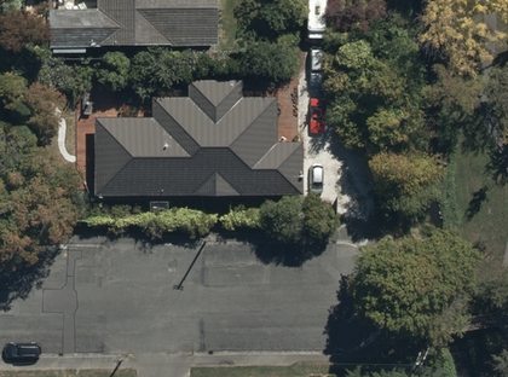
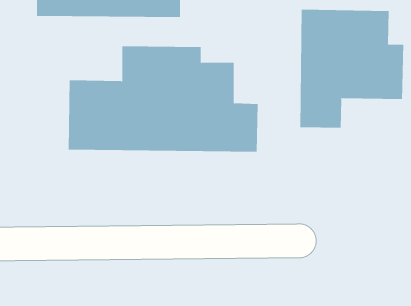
building: none -> [300,9,404,129]

